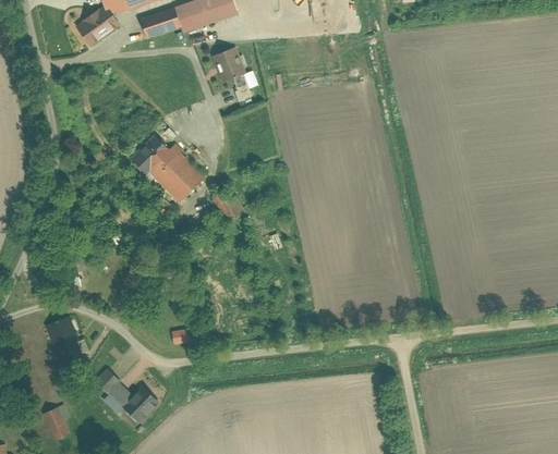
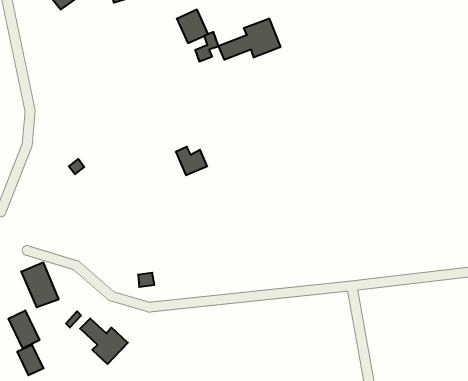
building: none -> [218,18,280,60]
building: [130,134,208,203] -> none
building: none -> [8,310,39,348]

